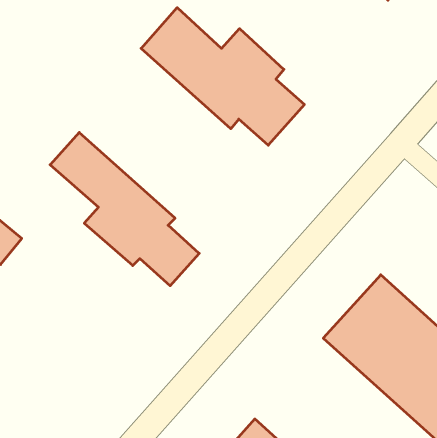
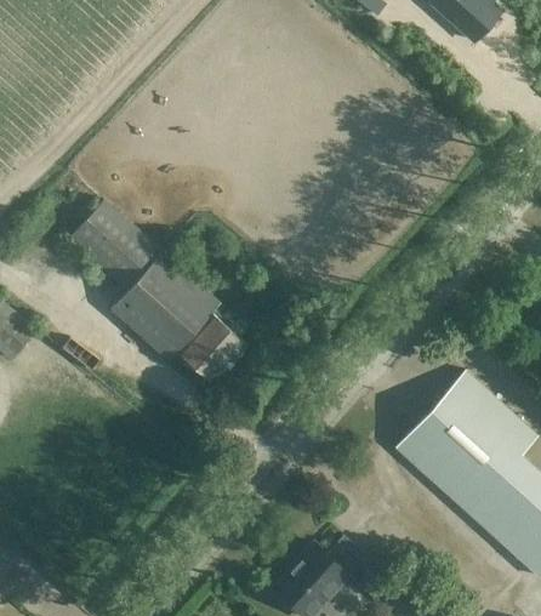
building: [141,8,304,145] -> none

